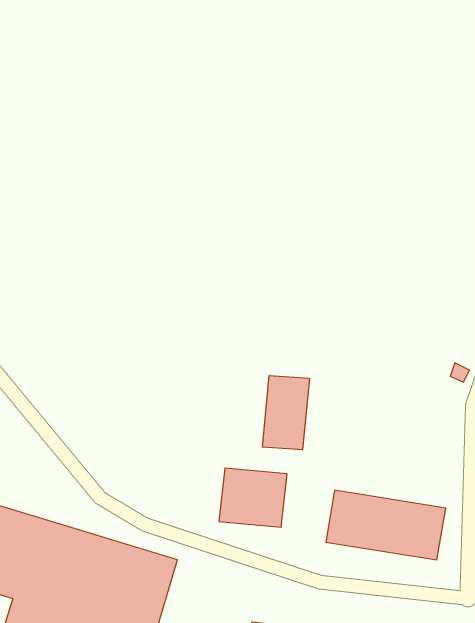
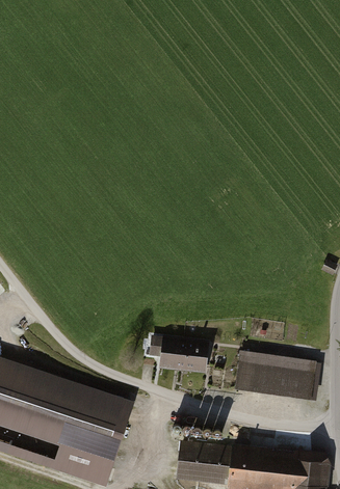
building: [262,375,309,450] -> none

